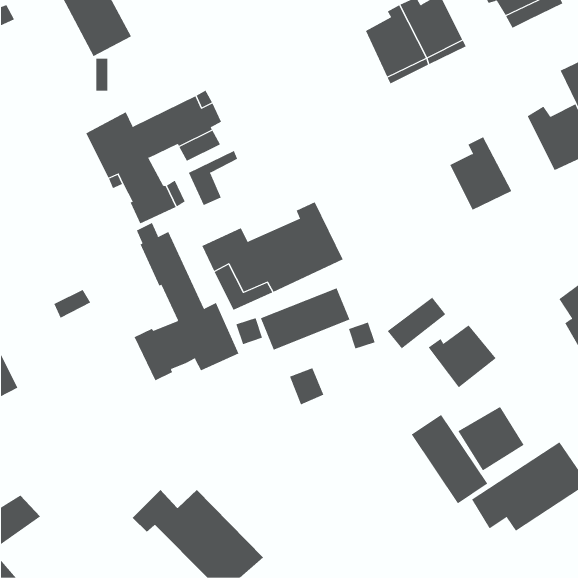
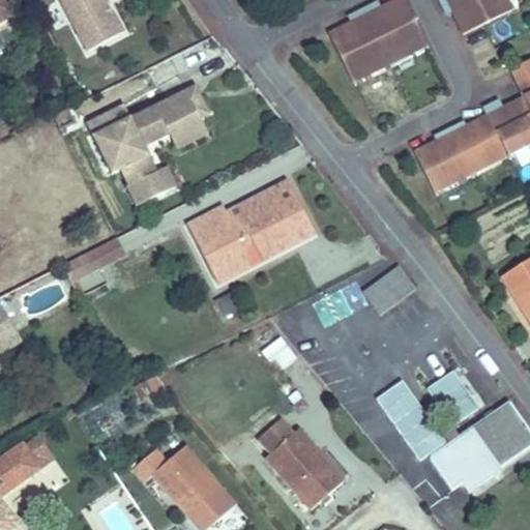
building: none -> [443,114,507,174]
building: [188,150,238,206] -> none
building: [134,222,239,381] -> none
building: [260,287,350,351] -> none
building: [428,325,497,388] -> none
building: none -> [252,418,338,507]

